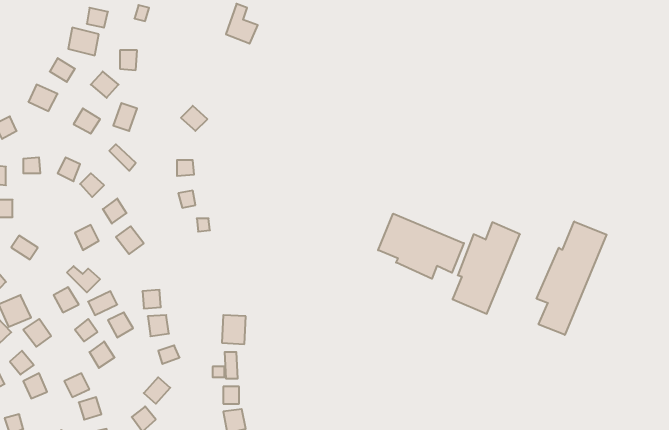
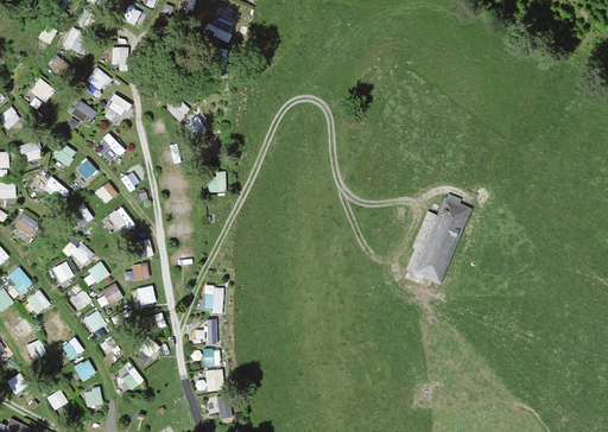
building: [378,214,464,279] -> none
building: [537,221,607,335] -> none

